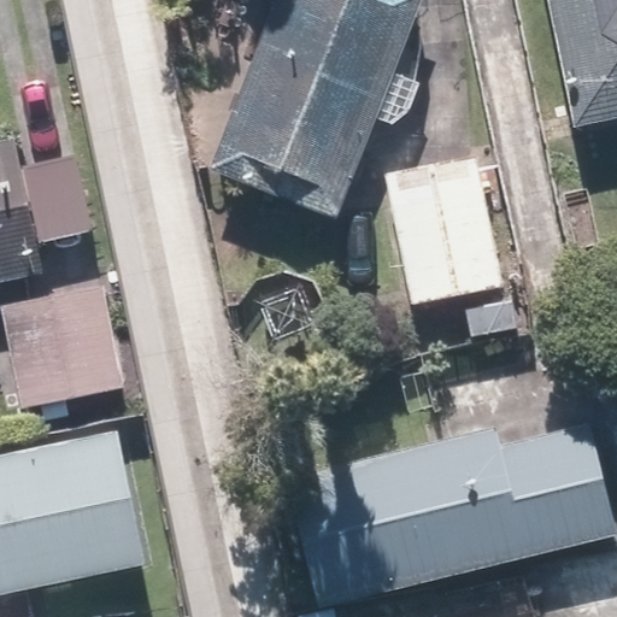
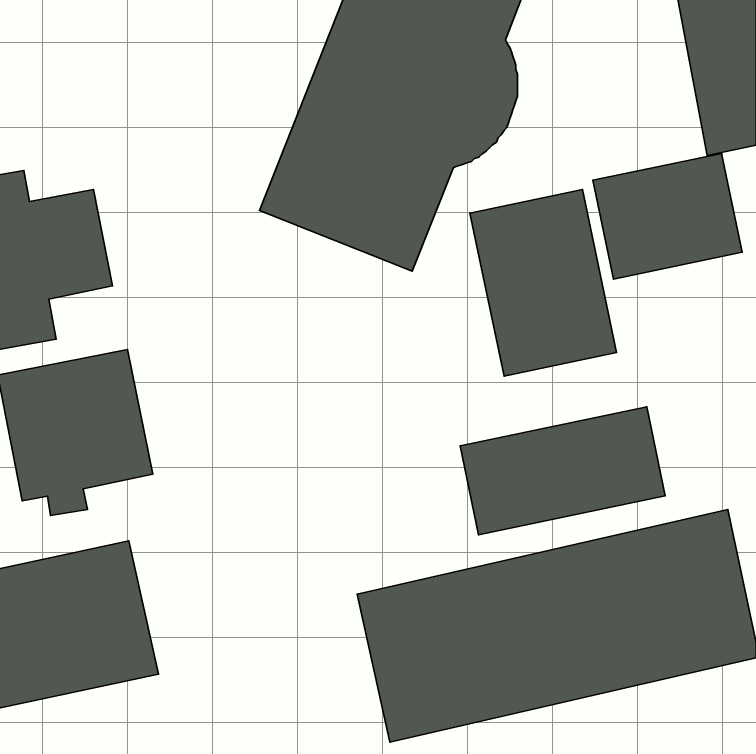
building: none -> [593,153,742,279]
building: none -> [460,407,665,535]

